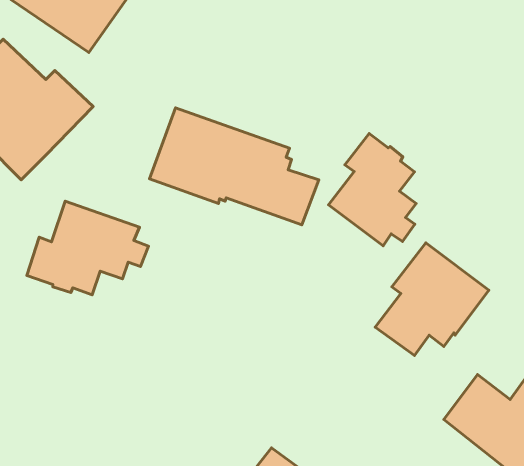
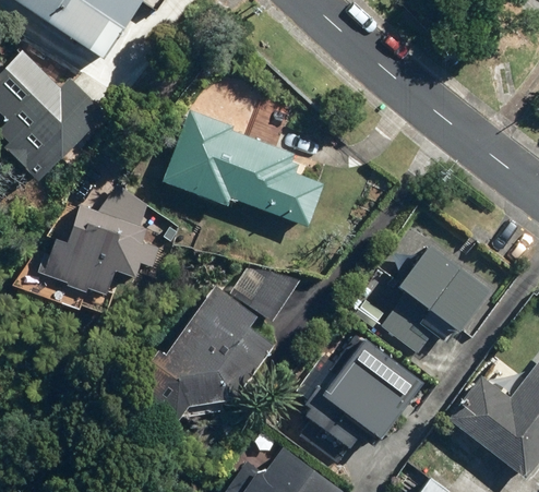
building: [329,134,416,246] -> none
building: none -> [152,259,304,401]
building: none -> [302,339,423,451]

